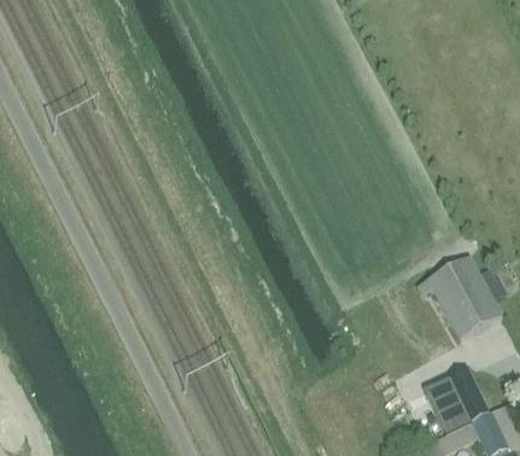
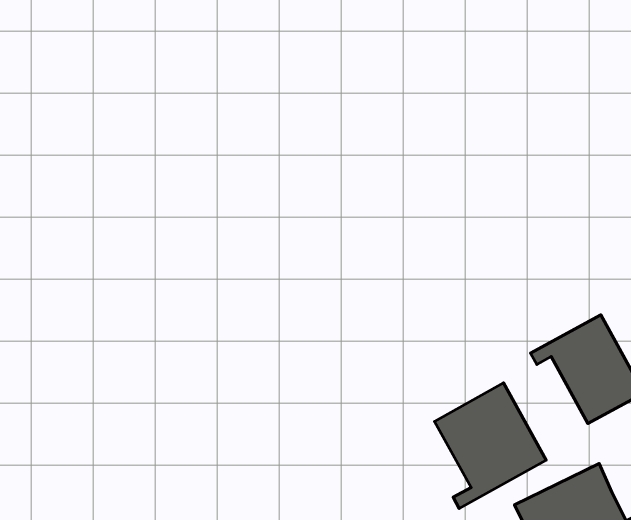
building: none -> [435,383,546,508]

